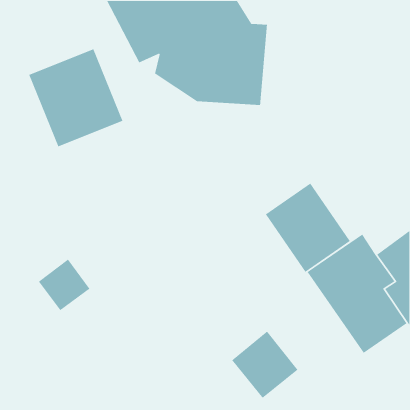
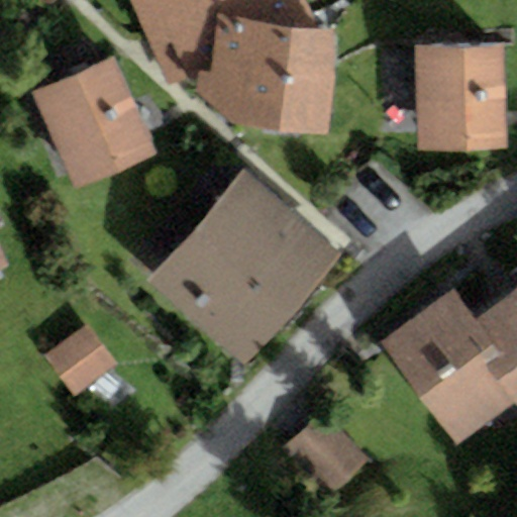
building: none -> [416,46,503,149]
building: none -> [146,175,334,363]
building: [265,182,351,273] -> none

